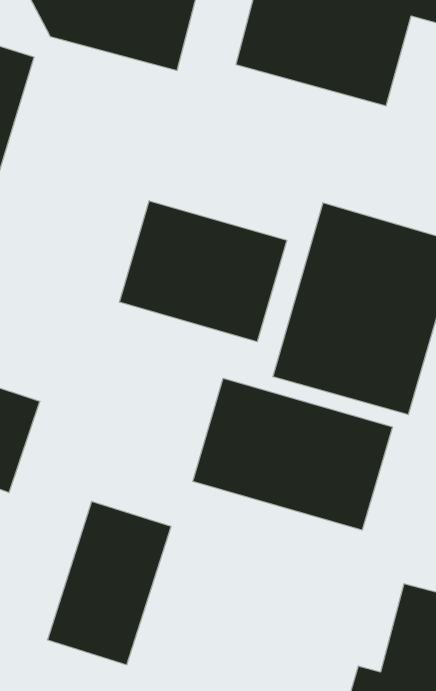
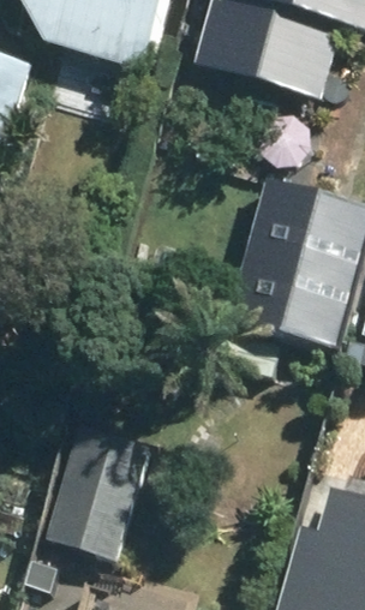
building: [120,201,287,342] -> none
building: [193,378,392,530] -> none

